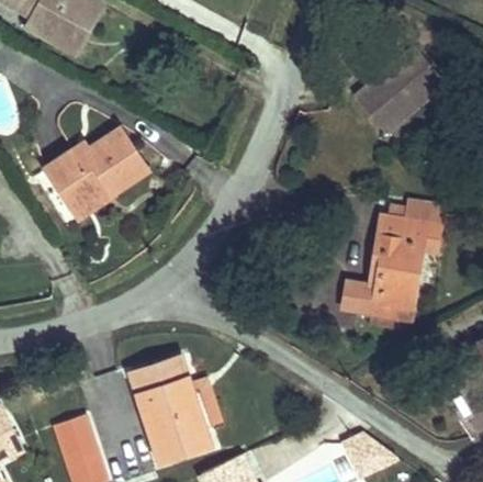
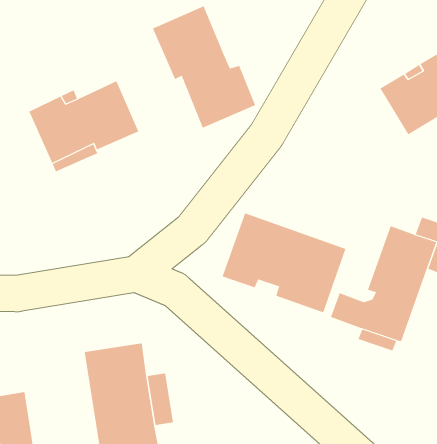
building: none -> [152,6,256,128]
building: none -> [222,212,346,313]

